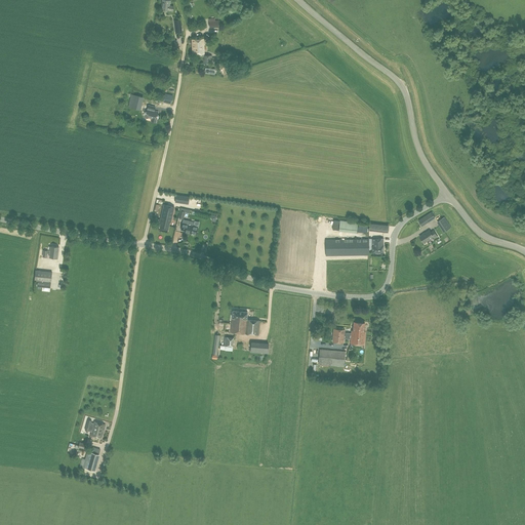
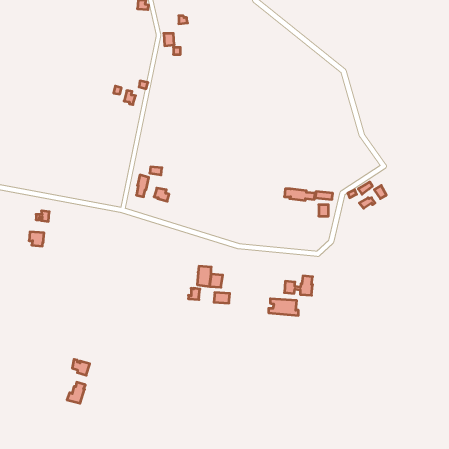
building: [325,239,368,256] -> none

